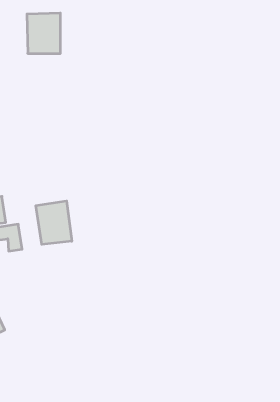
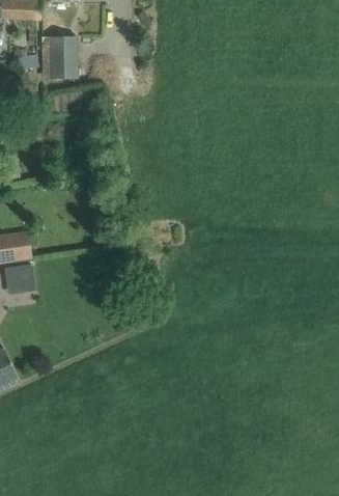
building: [36,201,72,244] -> none

